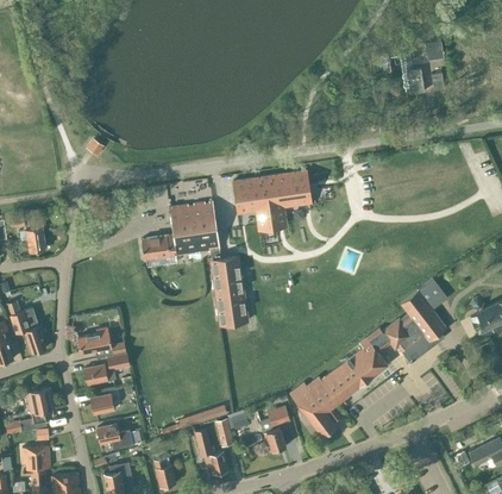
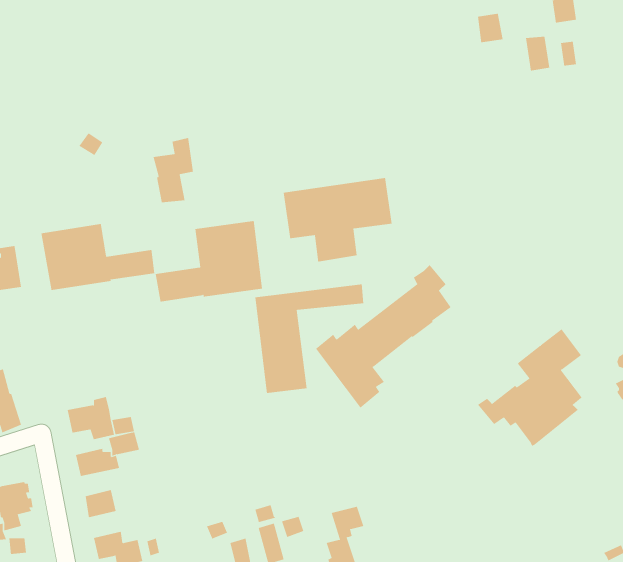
building: none -> [153,137,193,203]
building: none -> [41,223,155,291]
building: [289,333,387,437] -> [315,264,451,409]

